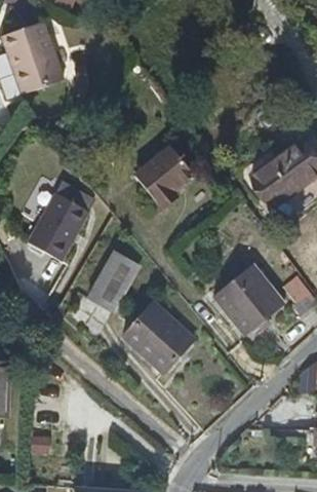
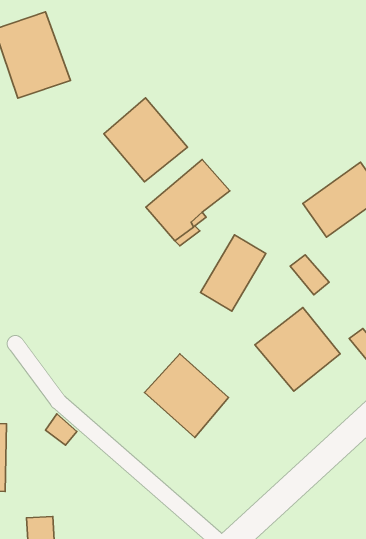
building: none -> [104,98,188,182]
building: [27,194,89,262] -> none
building: [87,250,141,312] -> [200,235,266,311]

